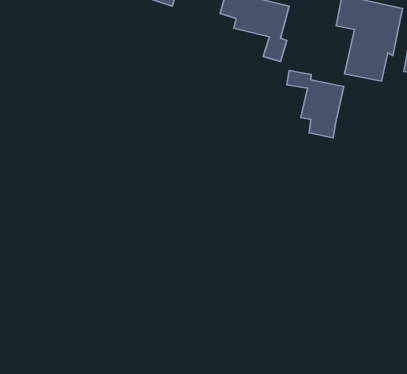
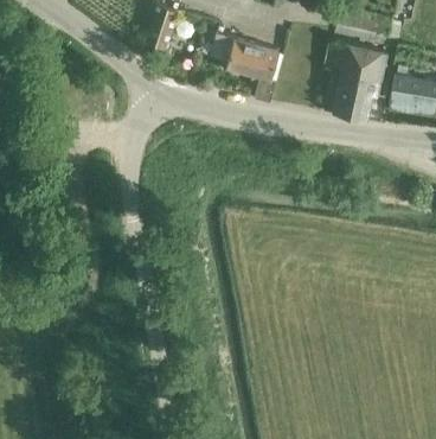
building: [287,71,344,138] -> none

